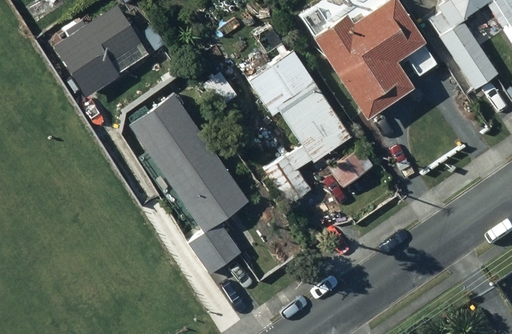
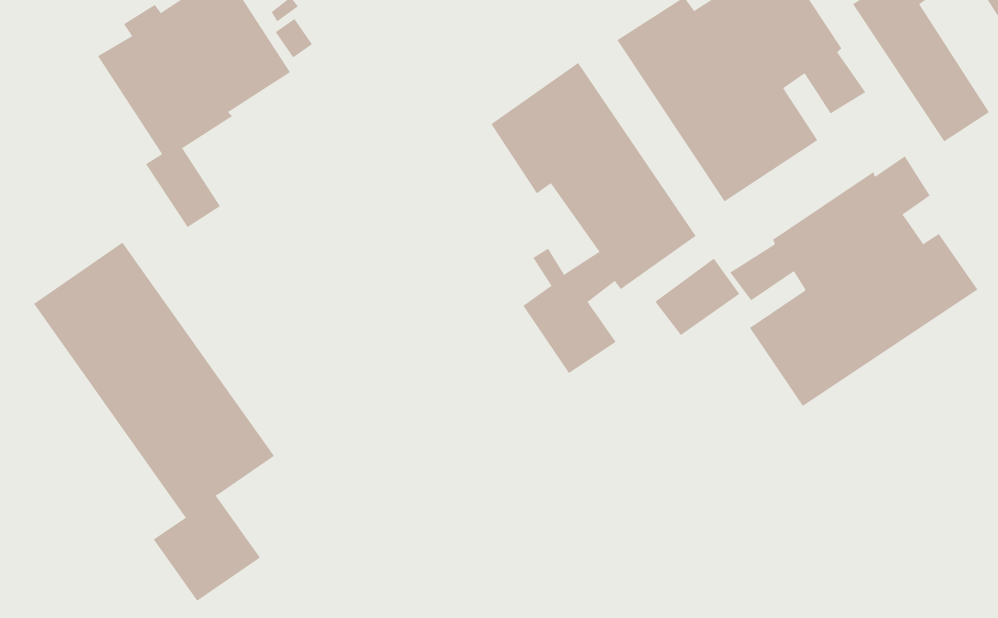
building: [128,94,249,274] -> [33,242,275,602]
building: none -> [730,155,978,407]

